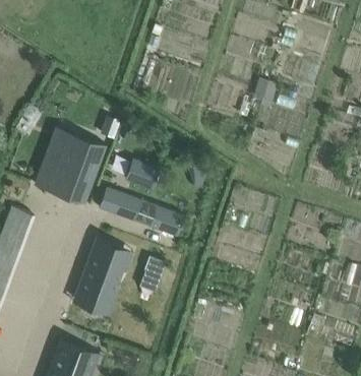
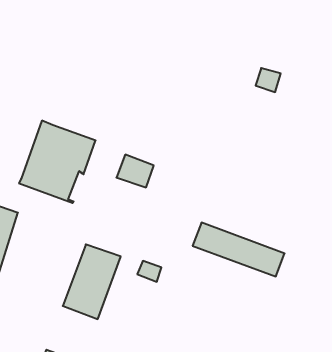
building: [99,188,184,238] -> [193,223,285,276]

